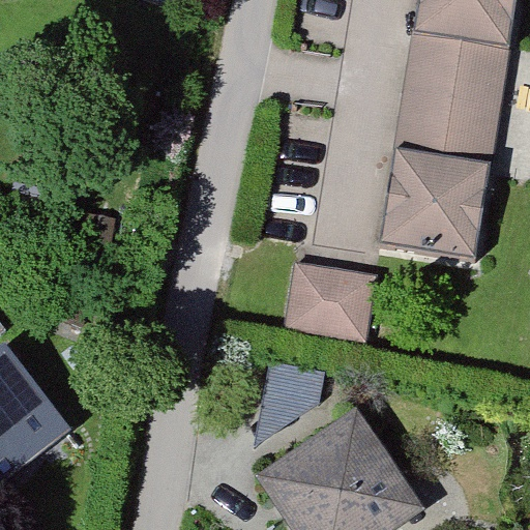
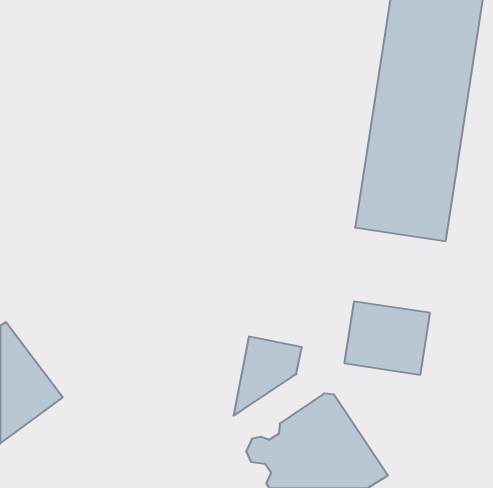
building: [285,261,377,340] -> [344,301,430,375]

